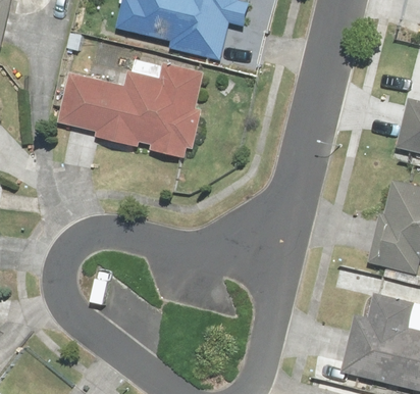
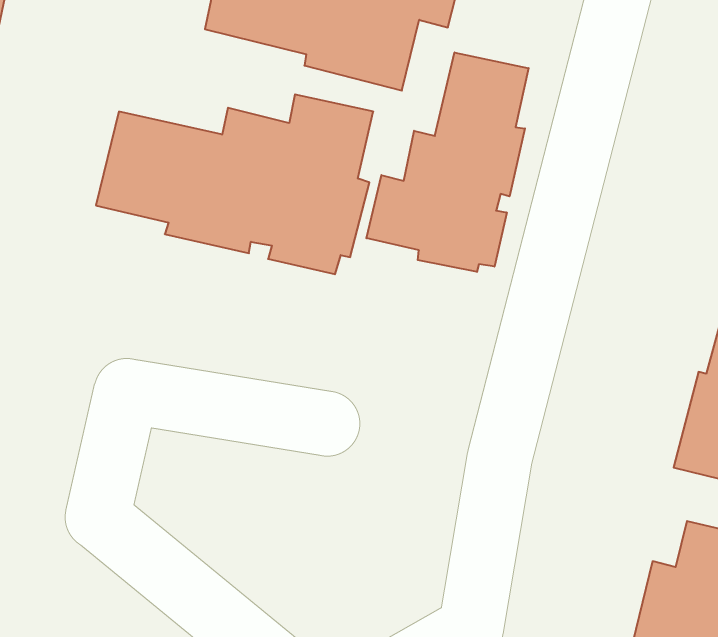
building: none -> [366,52,529,272]

